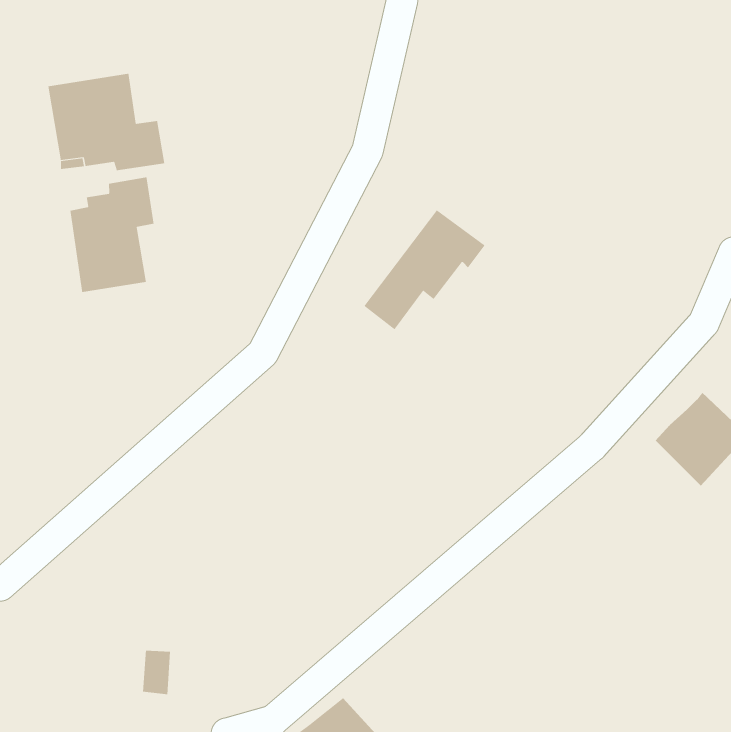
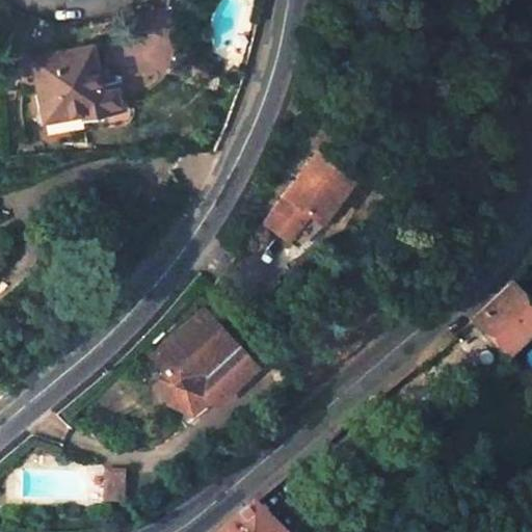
building: [70,177,154,293] -> none
building: none -> [152,309,252,408]

